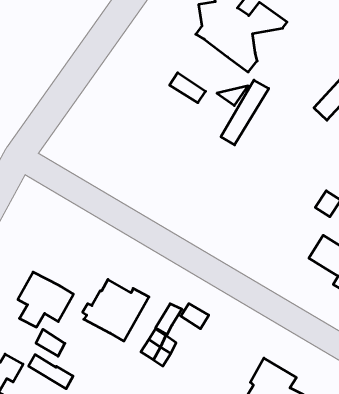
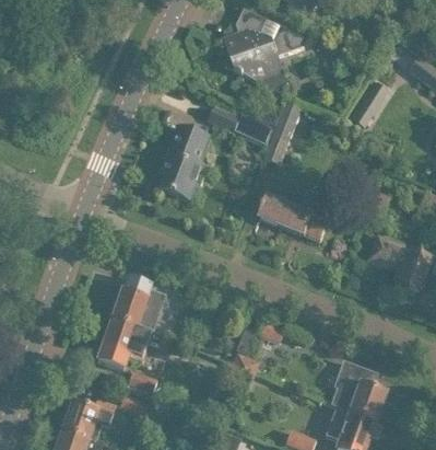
building: none -> [162,126,209,199]
building: none -> [260,188,329,241]
building: [83,279,149,341] -> [108,276,168,332]

